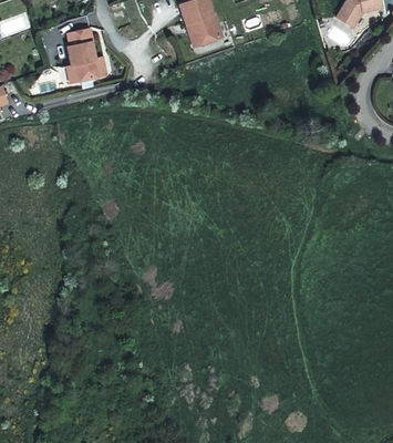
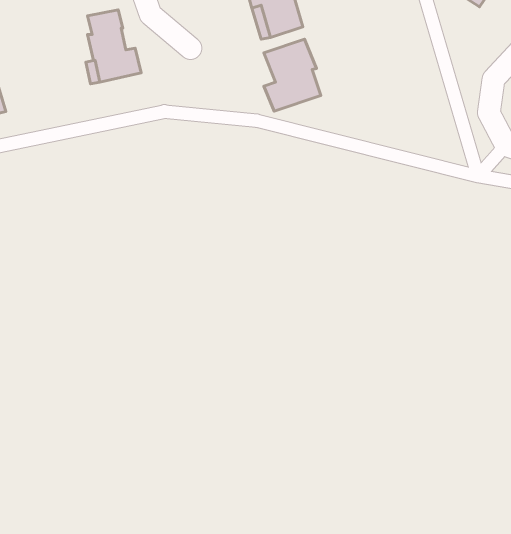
building: none -> [264,39,321,111]

